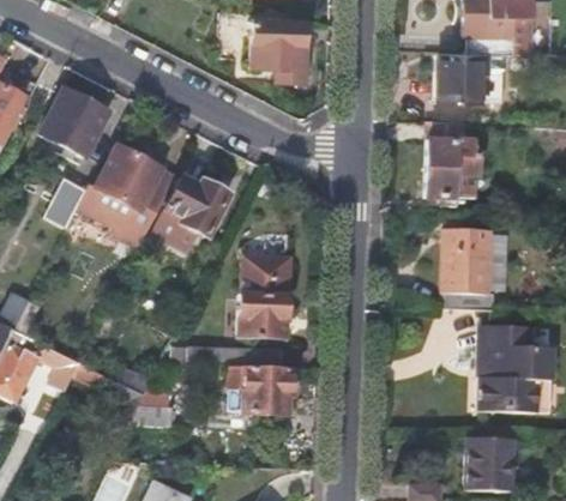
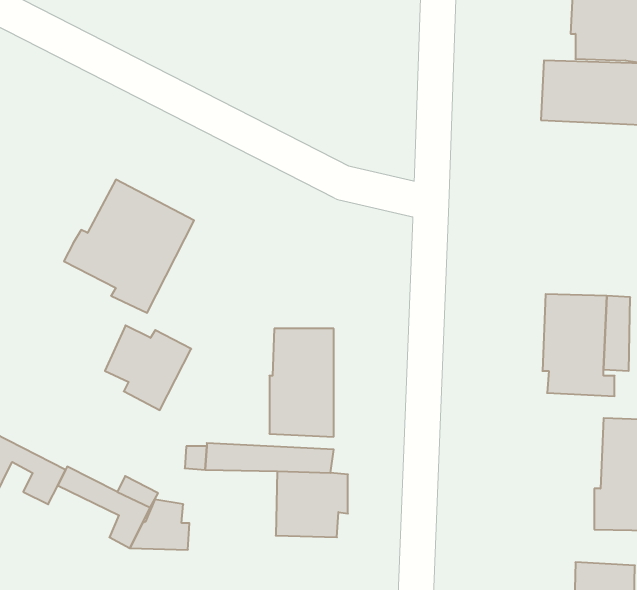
building: [245,20,302,85] -> none
building: [38,89,109,159] -> none
building: [428,120,480,197] -> none
building: [163,176,229,241] -> [105,325,191,410]
building: [42,180,85,233] -> none

